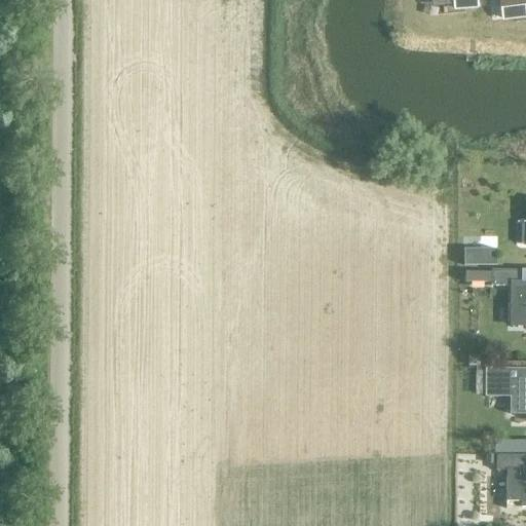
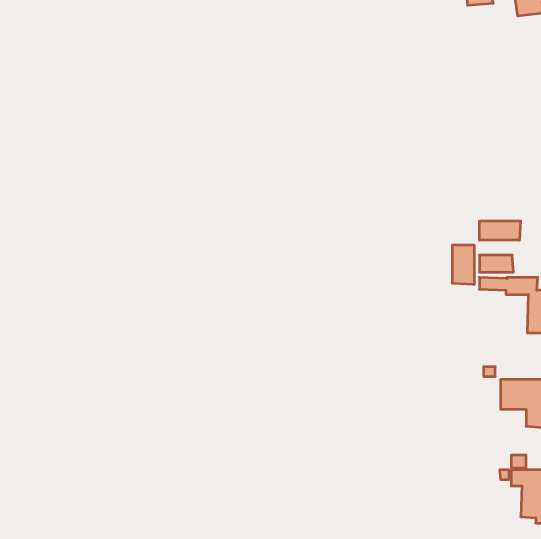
building: none -> [480,221,521,240]
building: none -> [452,245,474,285]

